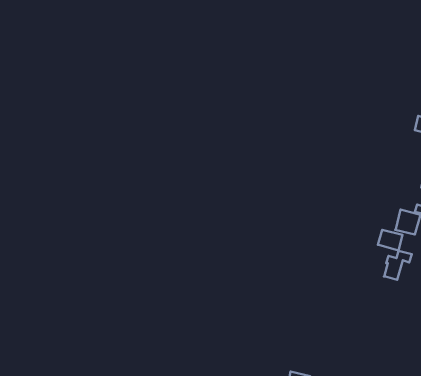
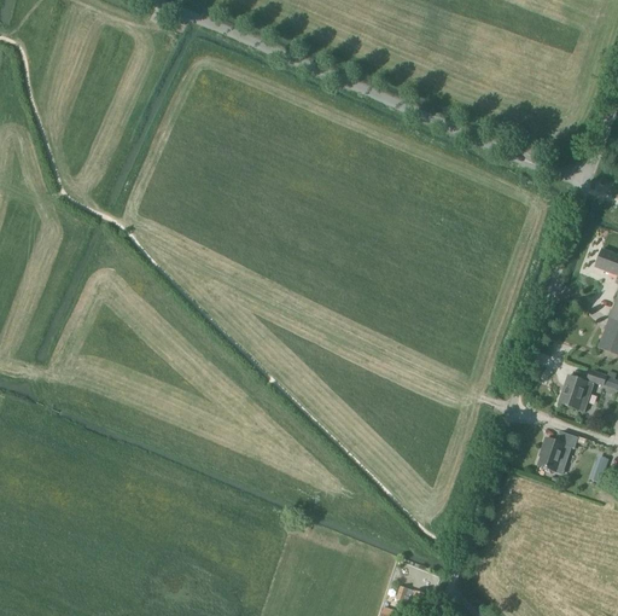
building: [378,230,402,250] -> none

